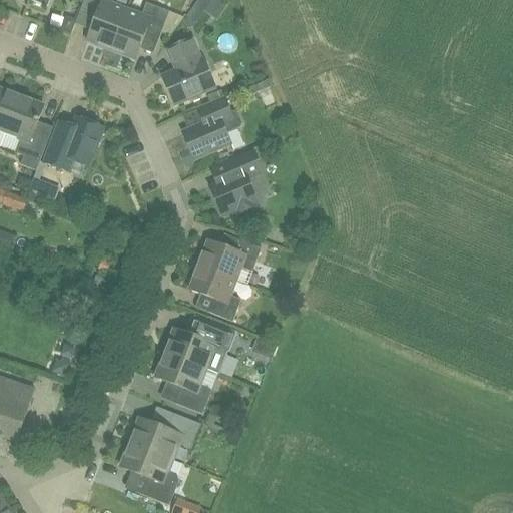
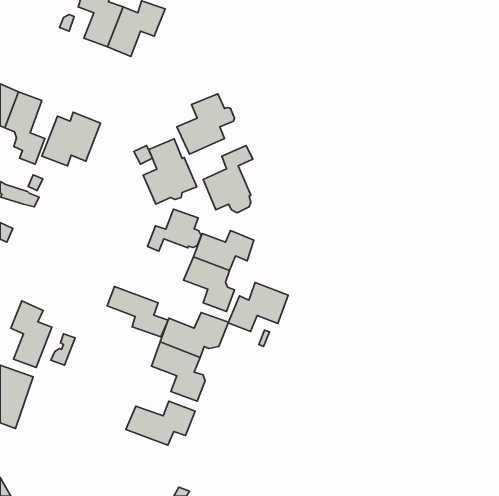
building: [160,37,215,104] -> [143,139,197,204]
building: none -> [148,209,201,251]
building: none -> [228,283,288,331]
building: none -> [107,286,168,337]
building: none -> [11,301,52,367]
building: [120,441,178,503] -> none

